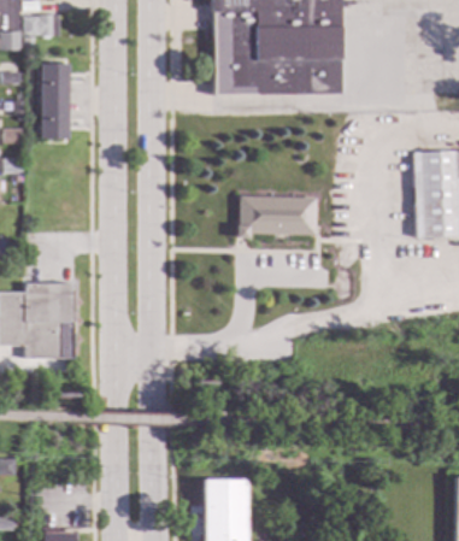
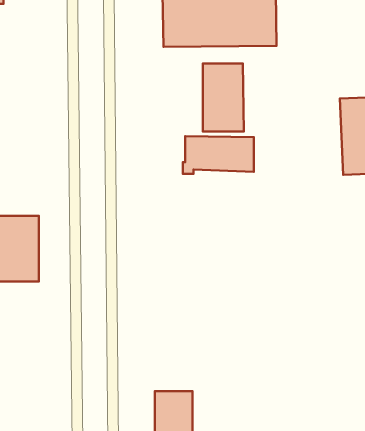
building: [41,63,69,137] -> none
building: none -> [203,64,244,132]

